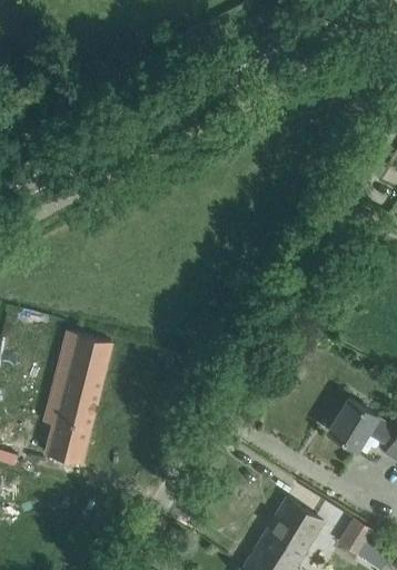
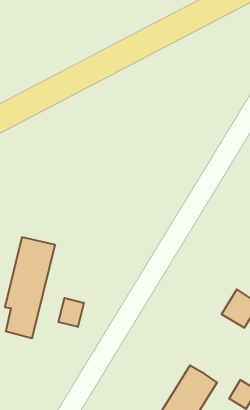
building: none -> [59,298,84,327]

